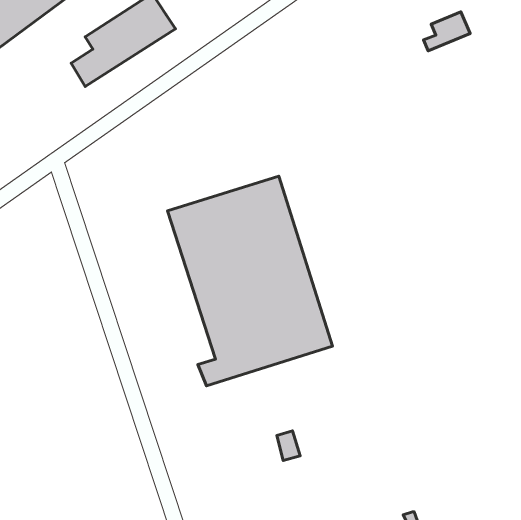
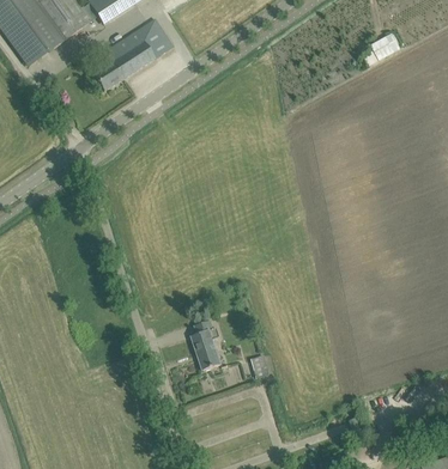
building: [168,176,333,386] -> none
building: none -> [190,318,220,368]

